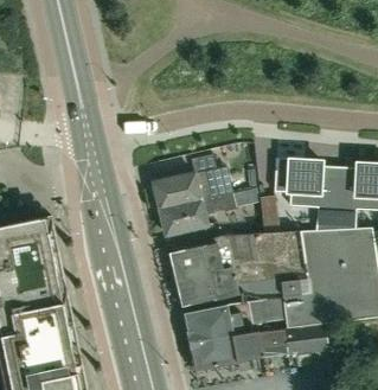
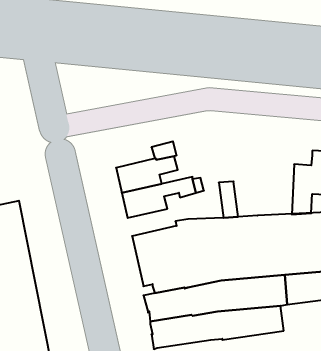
building: [274,158,338,229] -> none

